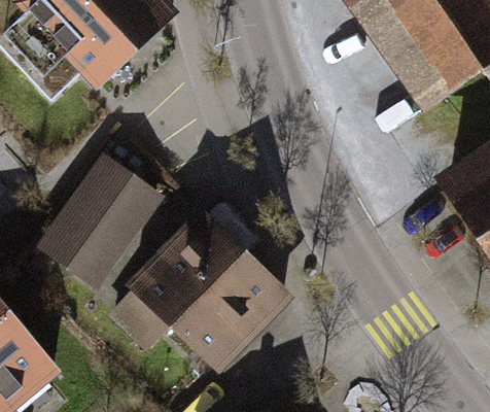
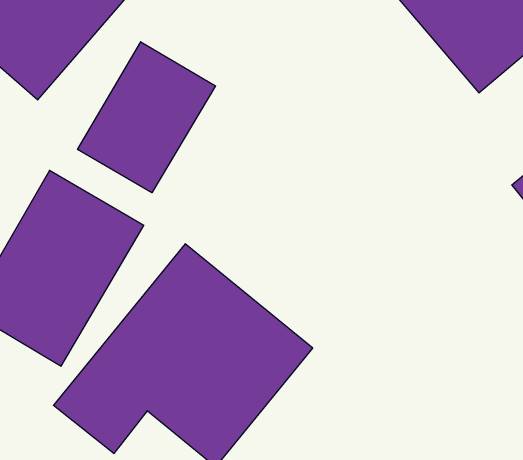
building: none -> [78,42,216,193]

